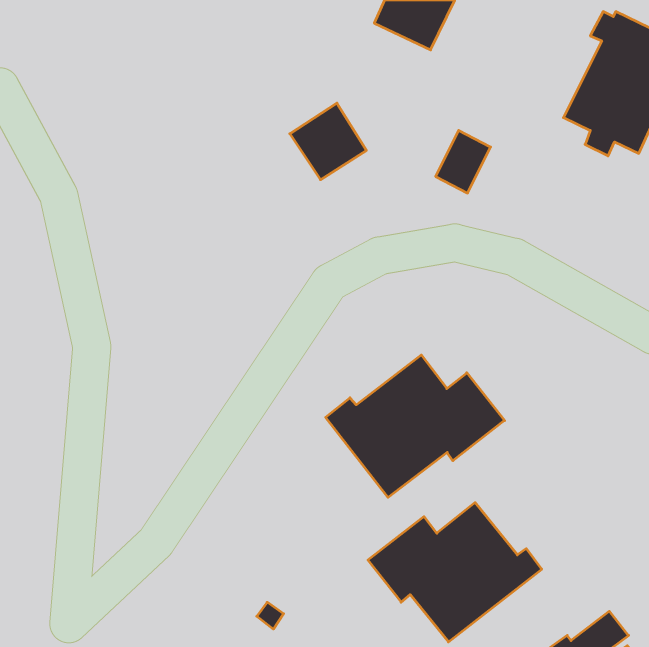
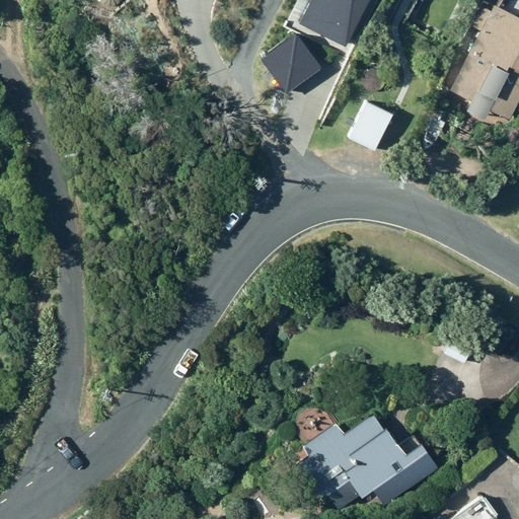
building: [290,103,366,180] -> [263,29,323,90]
building: [326,355,505,497] -> none

